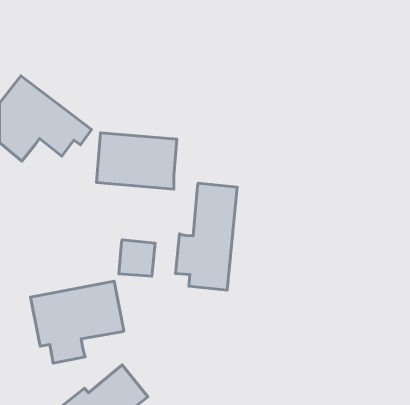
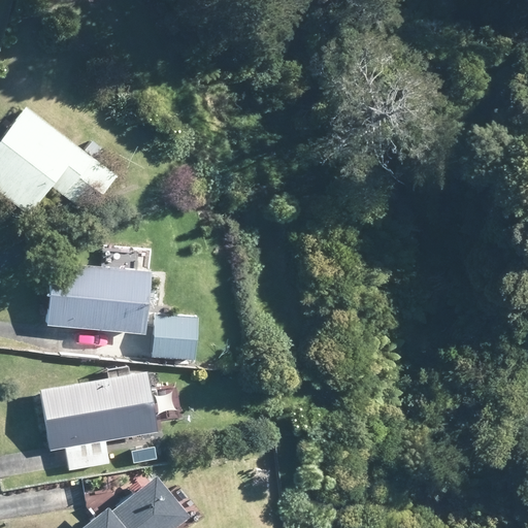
building: [97,133,177,189] -> [46,263,150,335]
building: [175,183,237,290] -> none

